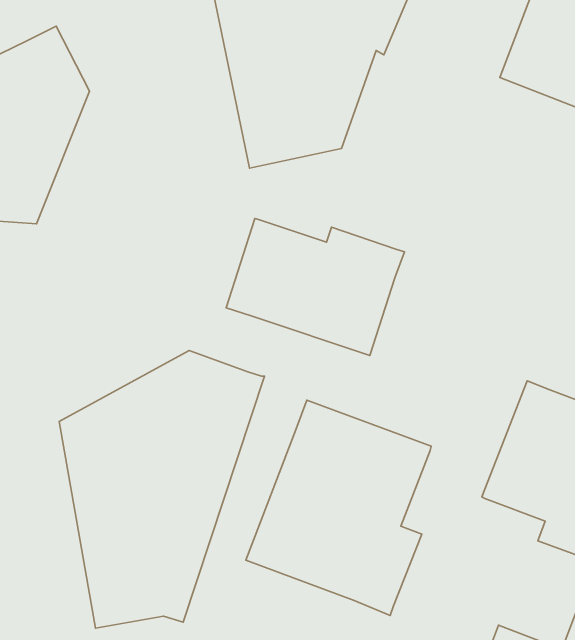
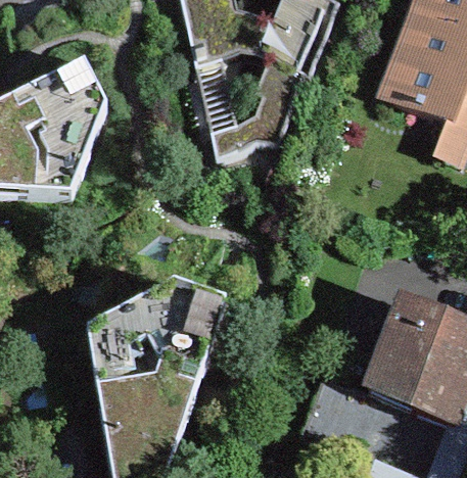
building: [226,219,405,356] -> none
building: [246,400,431,616] -> none

